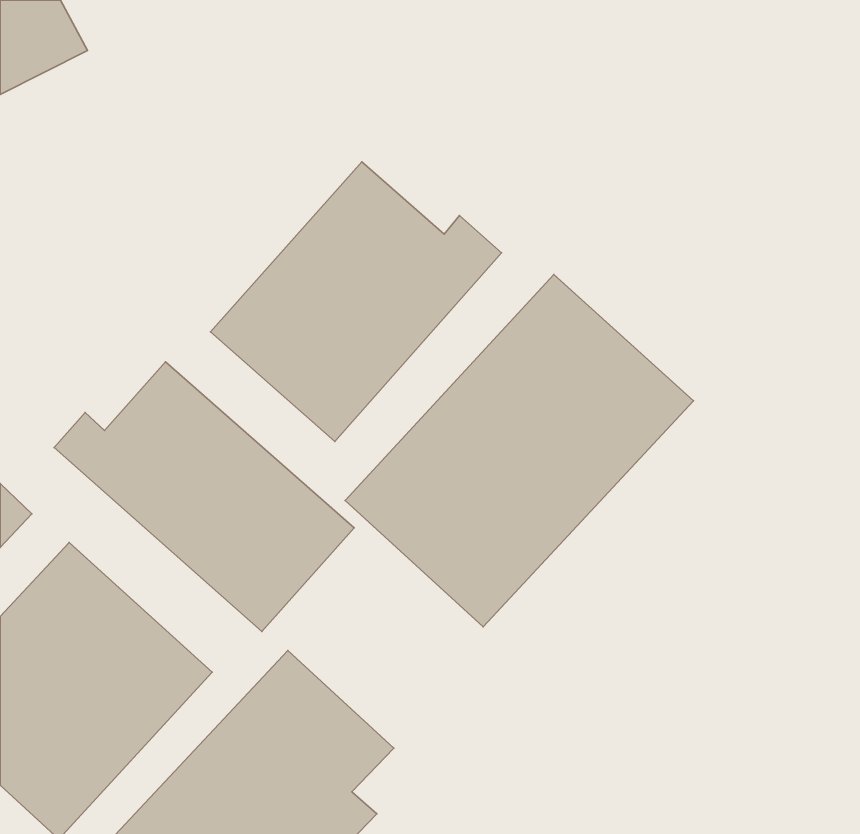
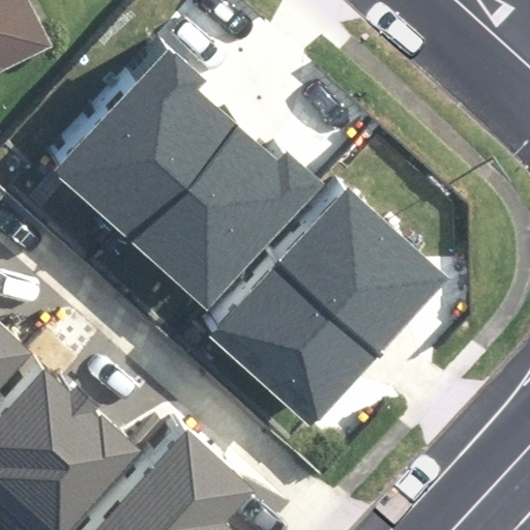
building: none -> [56,40,223,220]
building: [54,362,354,631] -> none

